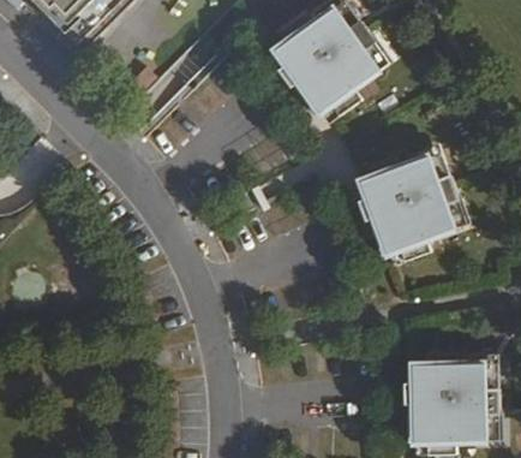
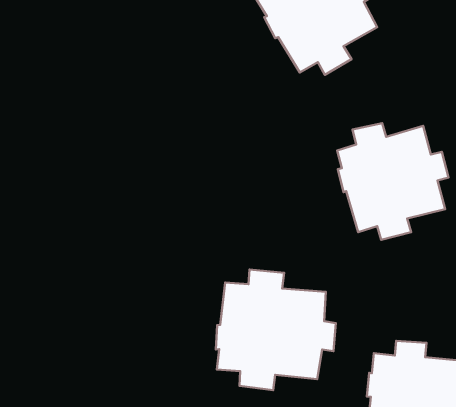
building: none -> [216,269,336,390]

